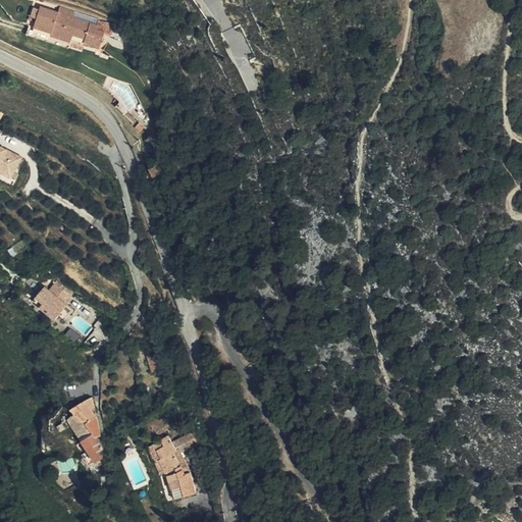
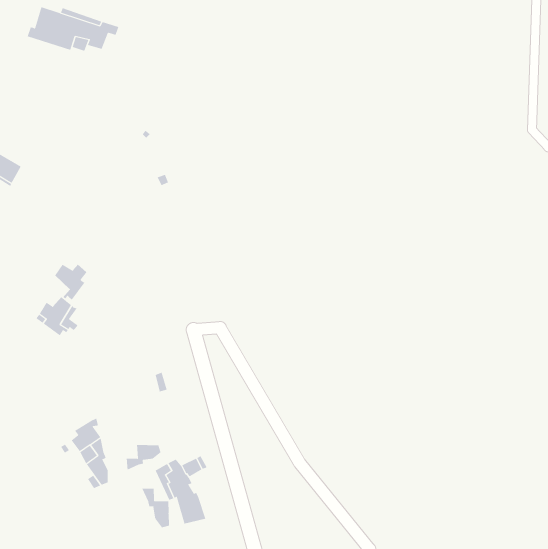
building: none -> [54,264,87,300]
building: none -> [126,444,161,471]
building: none -> [142,488,169,528]

